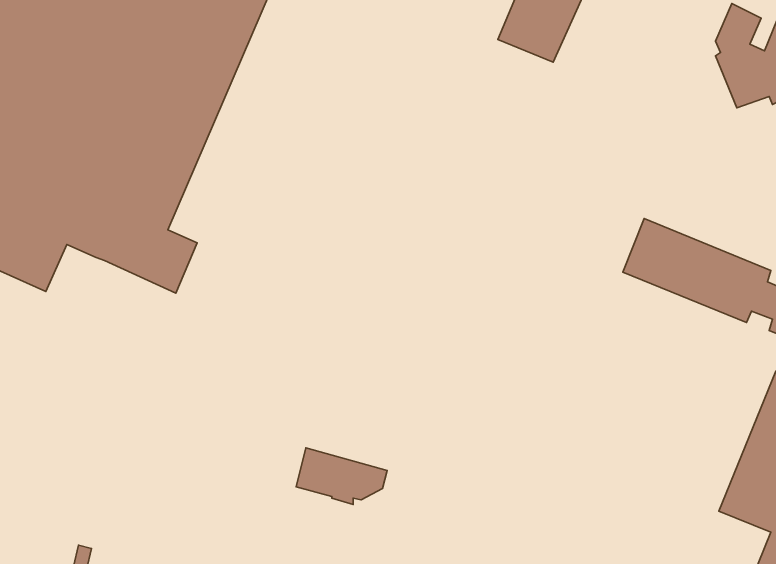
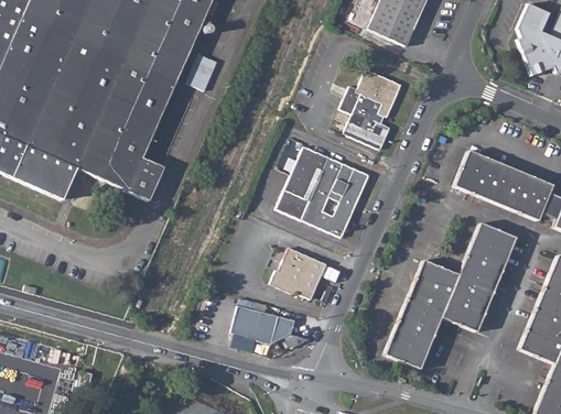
building: none -> [339,69,400,149]
building: none -> [276,145,368,237]
building: none -> [384,222,515,369]
building: none -> [269,247,325,298]

